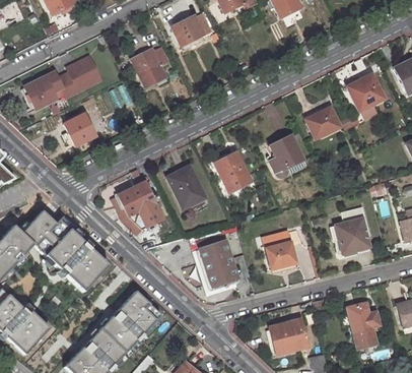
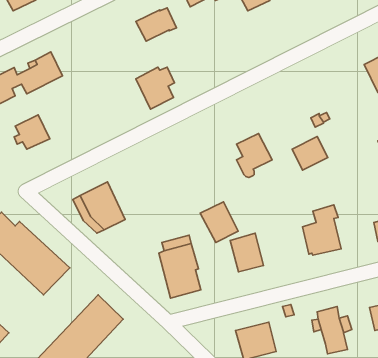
building: [131,47,168,87] -> [136,67,174,109]
building: [350,74,385,111] -> none
building: [305,107,340,139] -> [292,136,328,170]
building: [214,152,251,192] -> [200,202,238,243]
building: [167,164,205,206] -> none

